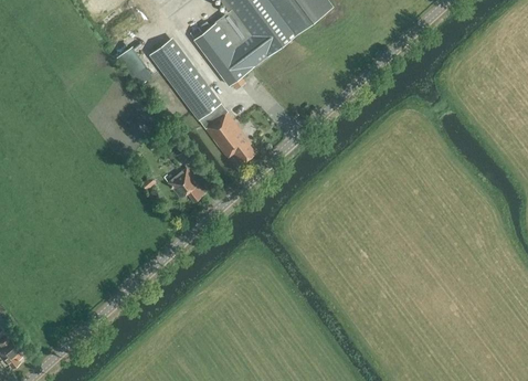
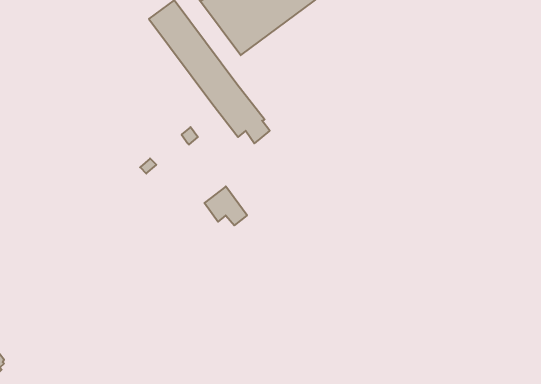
building: [167,167,204,201] -> [204,186,247,225]

